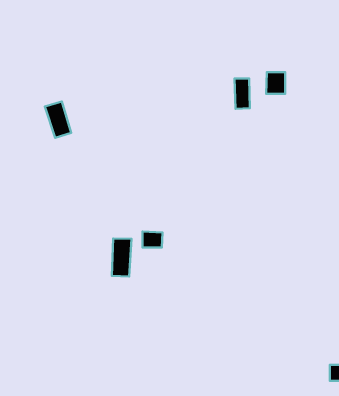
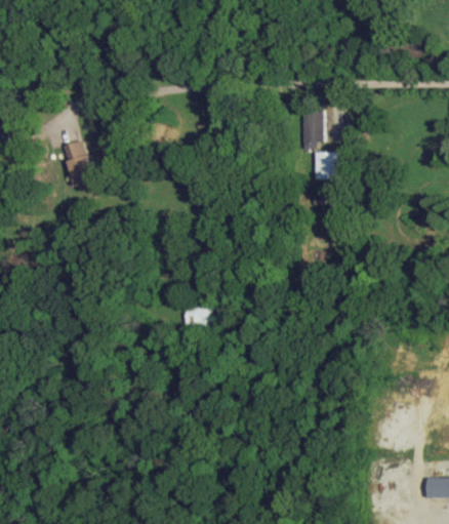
building: [266,72,285,94] -> [315,153,339,180]
building: [112,238,131,276] -> none

